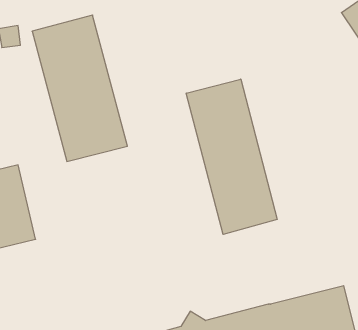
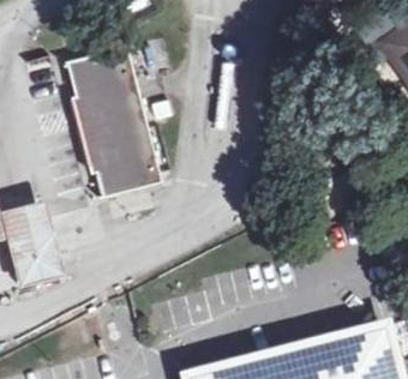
building: [186,79,277,234] -> none

